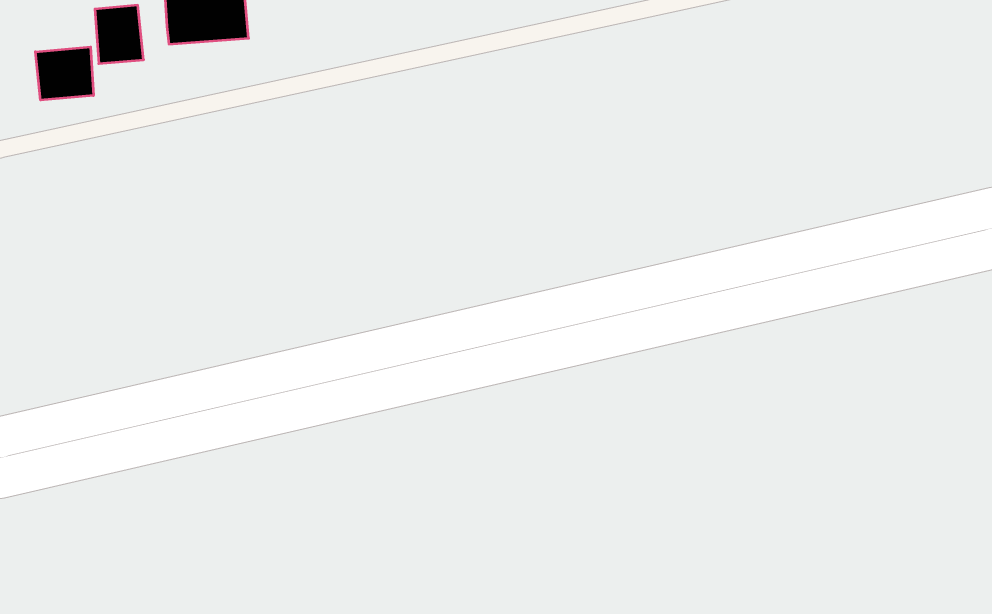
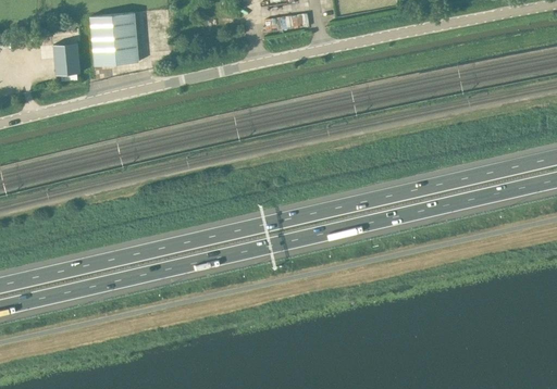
building: [35,47,93,100] -> none

